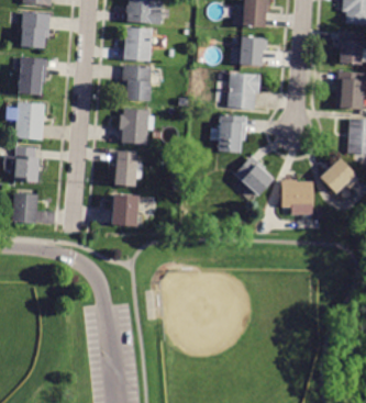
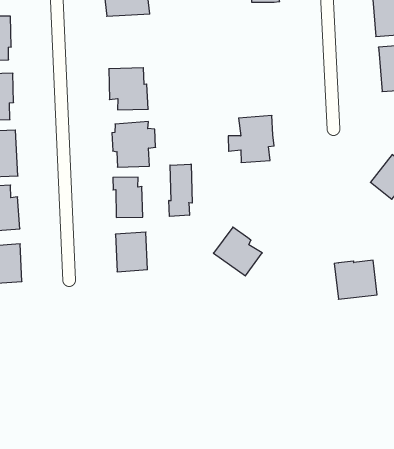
building: [123,27,151,61] -> none
building: [230,36,264,65] -> none
building: [228,74,260,109] -> none
building: none -> [169,164,192,216]
building: [234,156,273,195] -> [213,227,262,276]
building: [281,180,312,209] -> [334,260,377,299]

